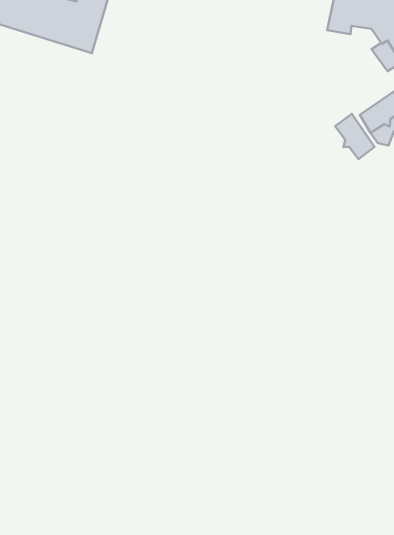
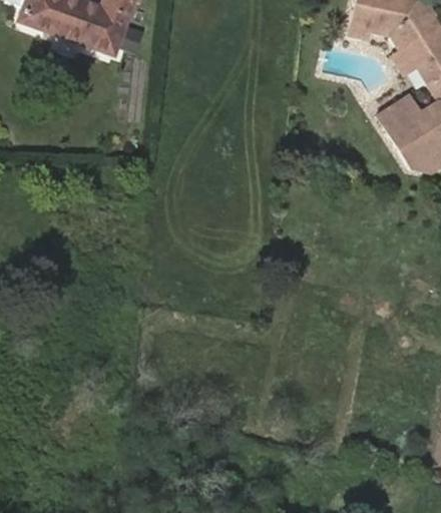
building: [335,114,374,159] -> none

